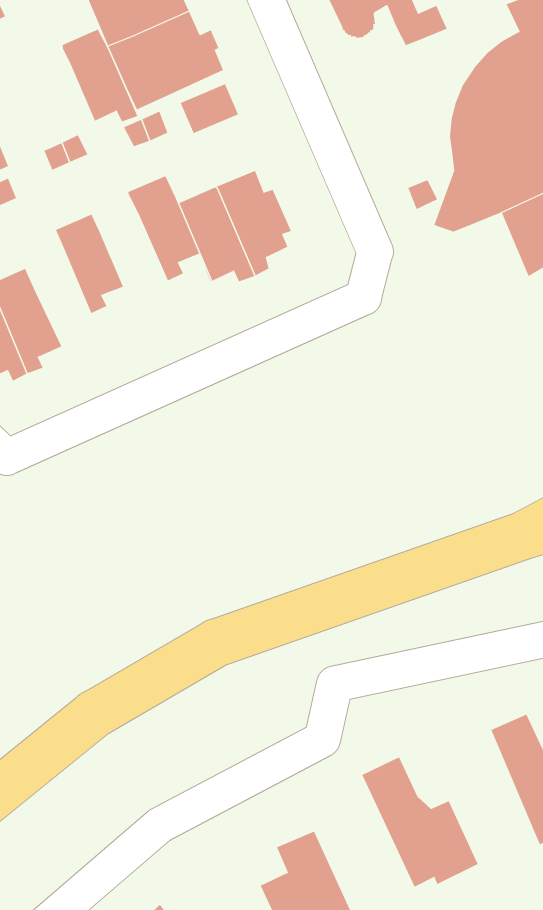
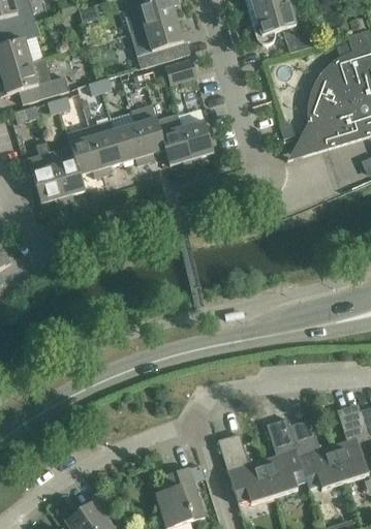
building: [62,29,138,122] -> [110,113,146,164]
building: none -> [66,127,102,177]
building: none -> [262,417,306,496]

